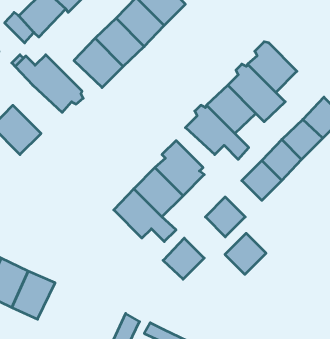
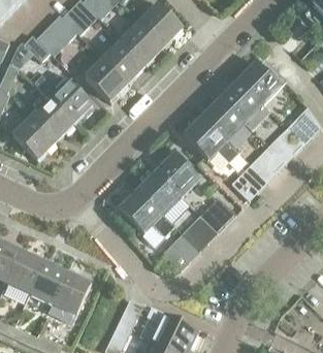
building: none -> [30,99,73,141]
building: [225,233,266,274] -> [181,215,217,251]
building: none -> [52,272,90,316]

